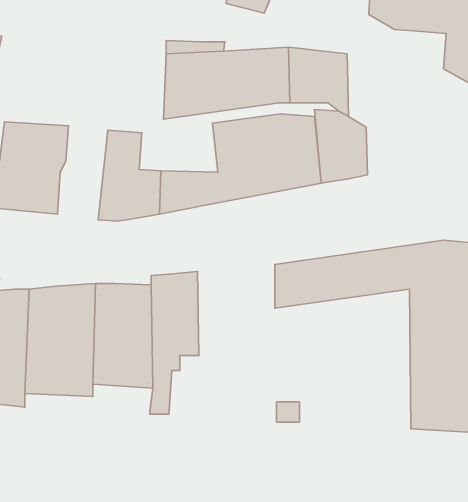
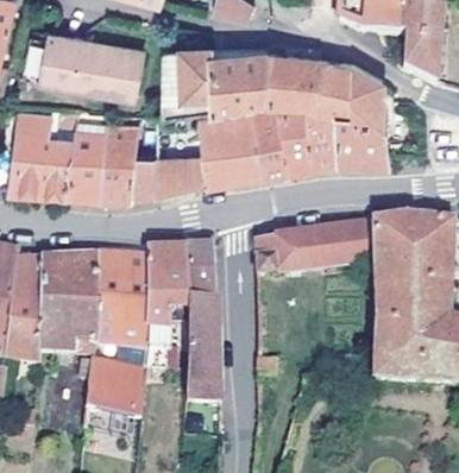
building: none -> [40,30,142,93]
building: none -> [320,52,389,162]
building: none -> [67,115,111,197]
building: none -> [188,240,221,402]
building: none -> [86,357,147,417]

